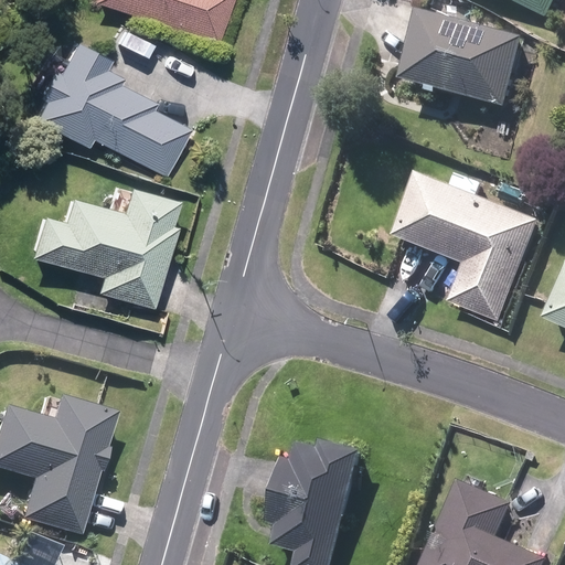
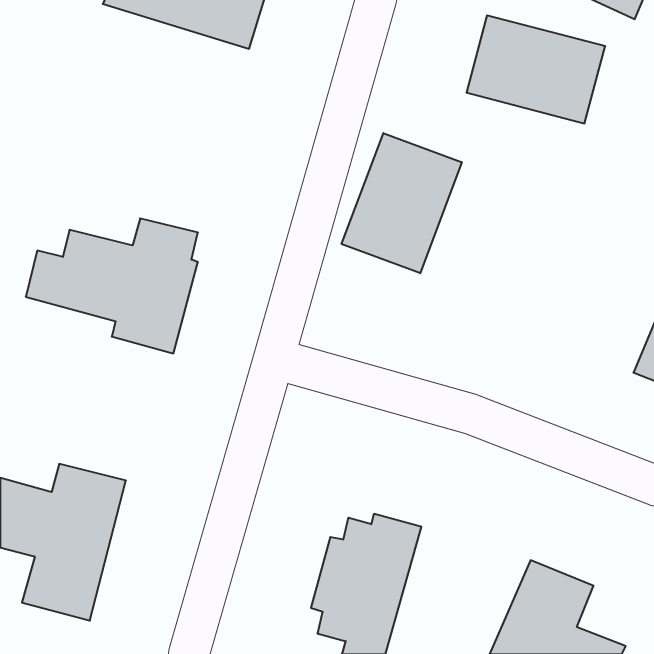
building: [31,43,186,173] -> none
building: none -> [342,133,462,273]
building: [396,174,540,320] -> none

